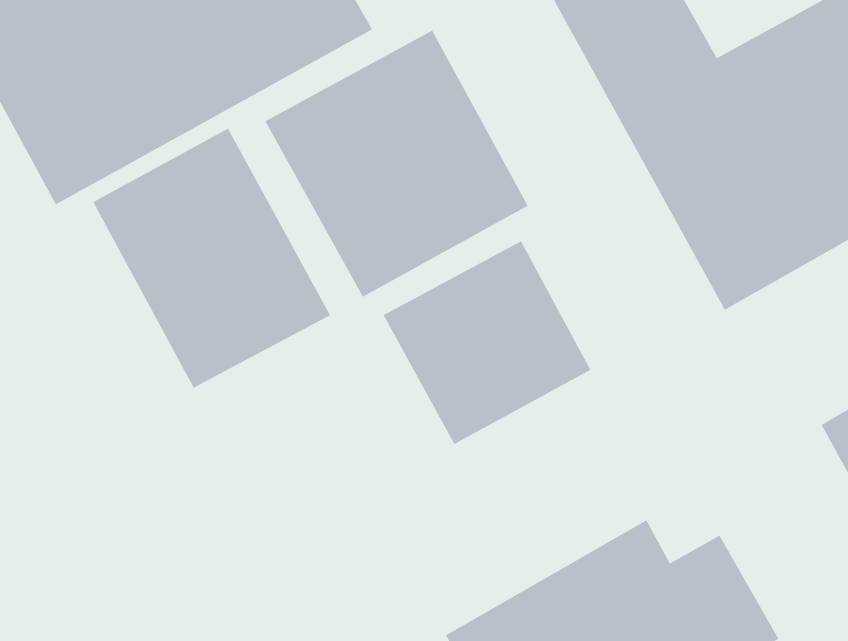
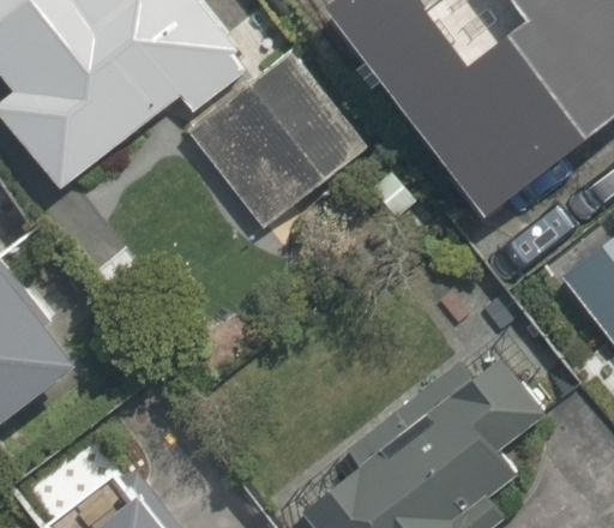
building: [93,128,331,388] -> none
building: [383,241,591,445] -> none

